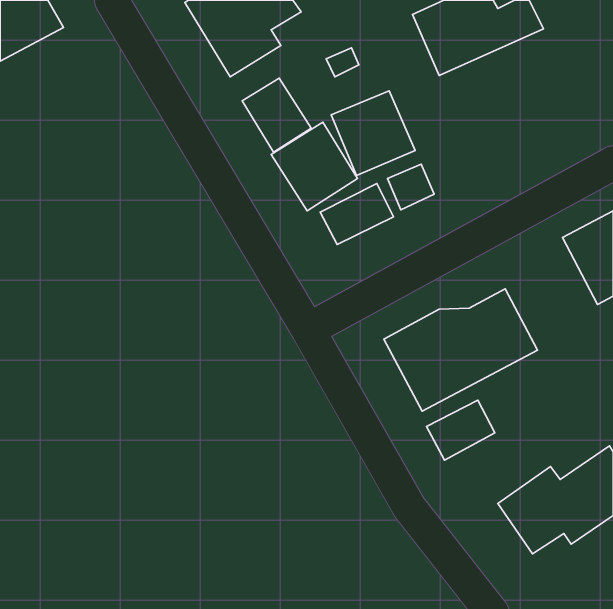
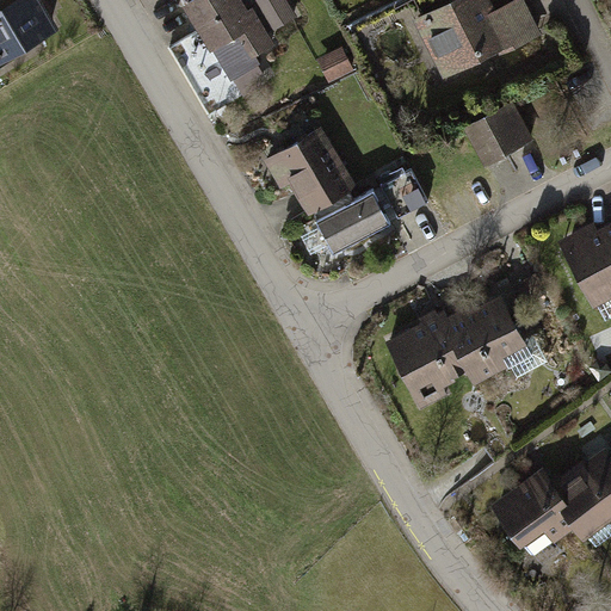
building: [242,78,311,152] -> none
building: [331,91,415,176] -> none
building: none -> [468,106,533,167]
building: [427,400,495,460] -> none

